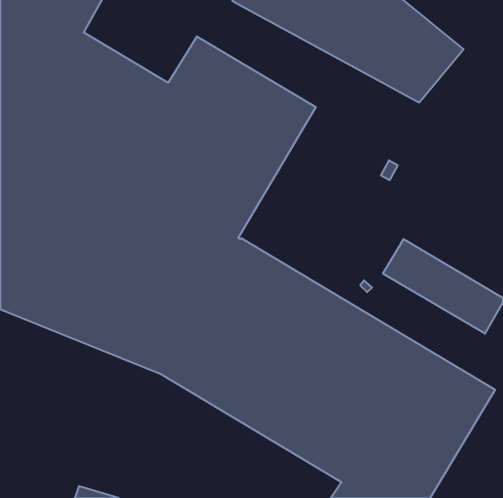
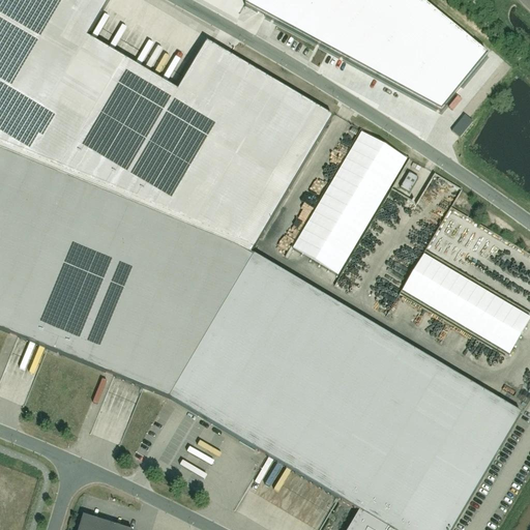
building: none -> [293,128,408,272]

